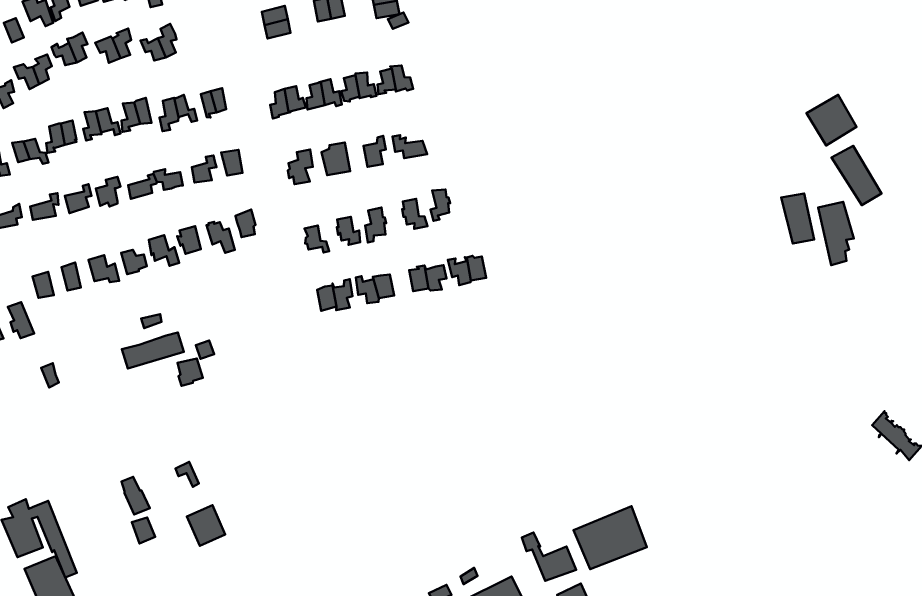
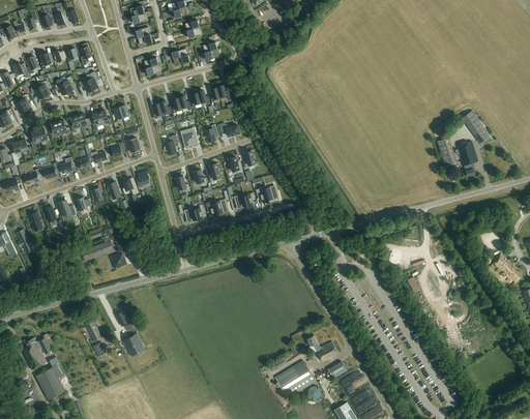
building: [806,95,856,146] -> none
building: [573,506,647,569] -> none

